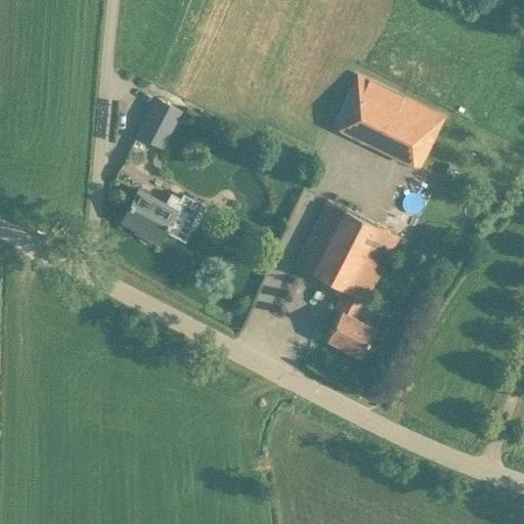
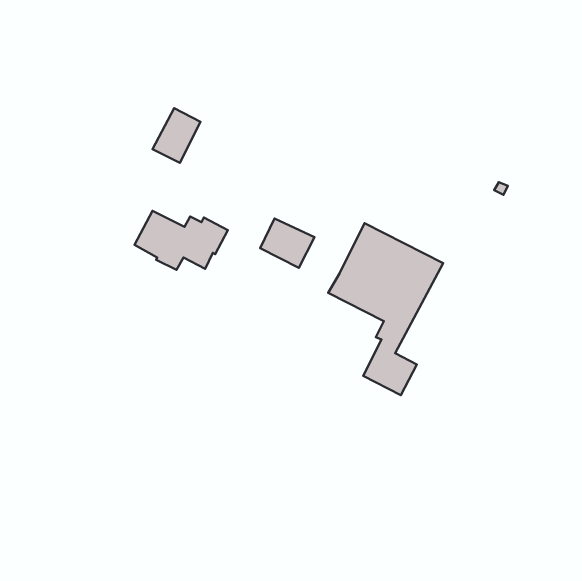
building: [349,85,443,169] -> none
building: none -> [260,218,314,268]

